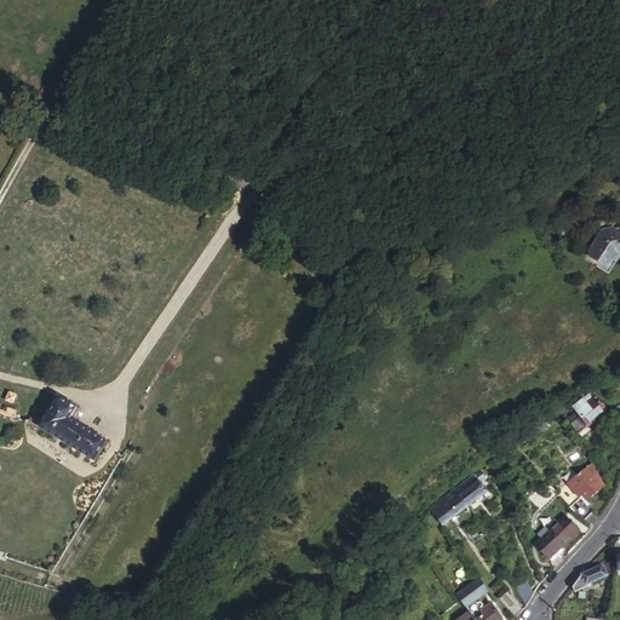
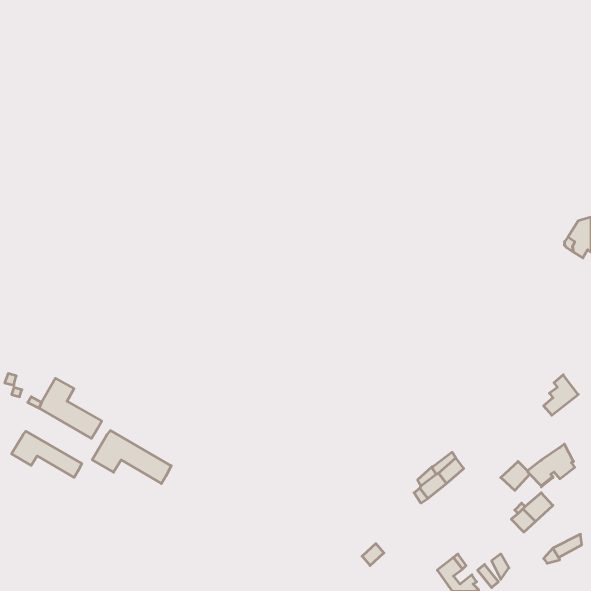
building: none -> [92,431,171,484]
building: none -> [12,431,82,477]

